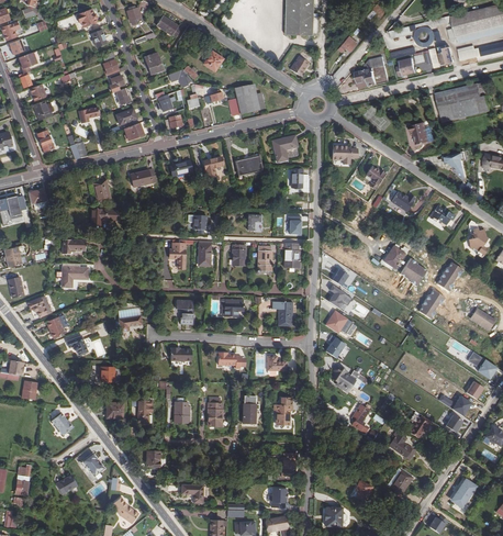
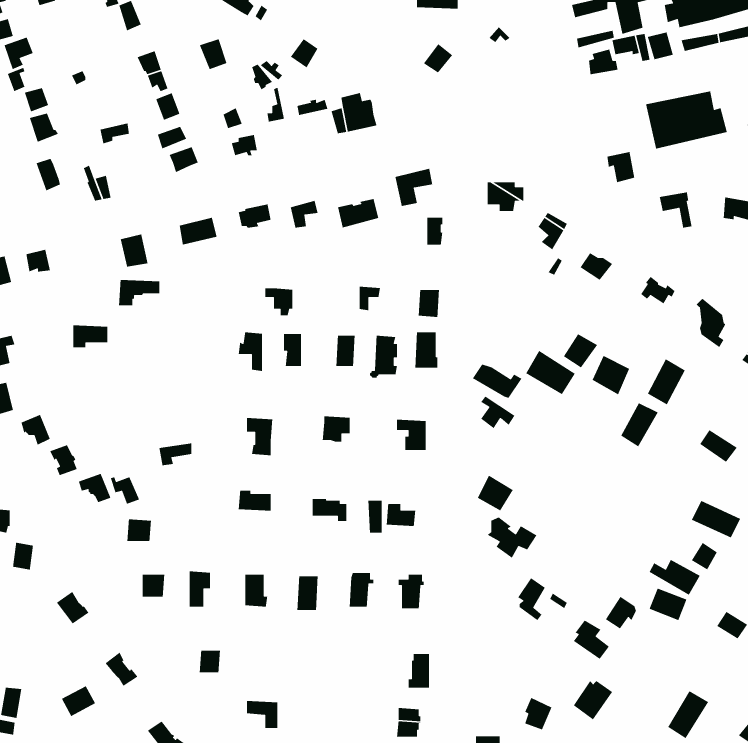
building: [353,57,388,88] -> none
building: [62,265,88,288] -> none
building: [324,309,357,338] -> [525,350,576,395]

